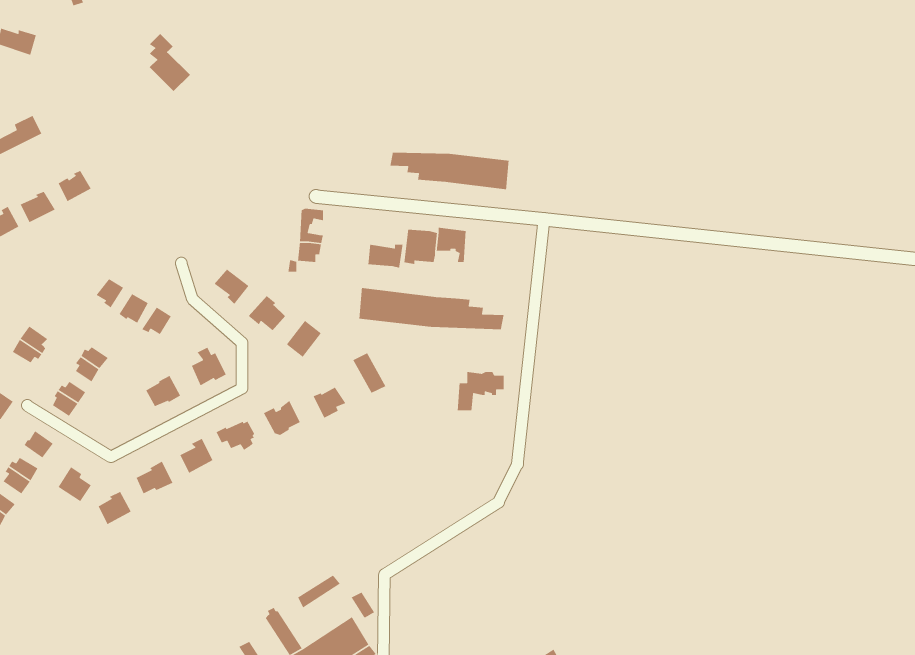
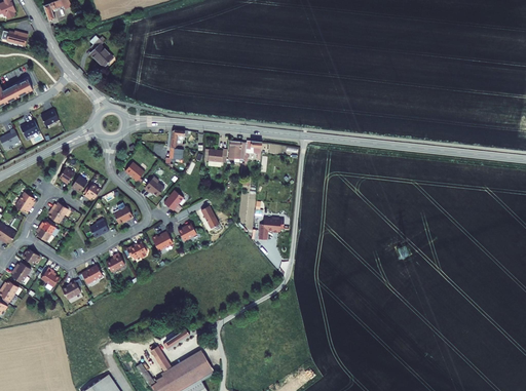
building: [389,152,509,190] -> none
building: [358,287,505,330] -> none

